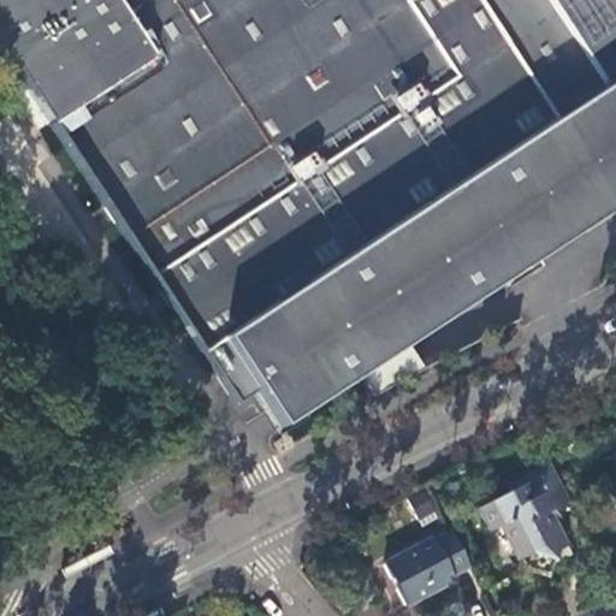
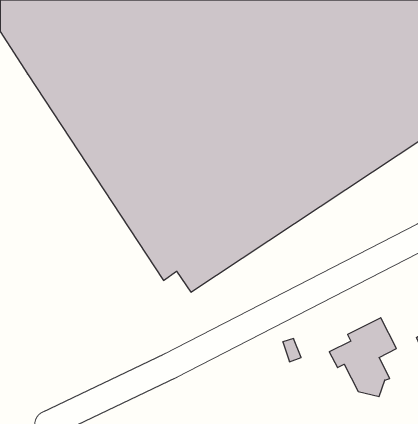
building: [396,534,480,603] -> none

